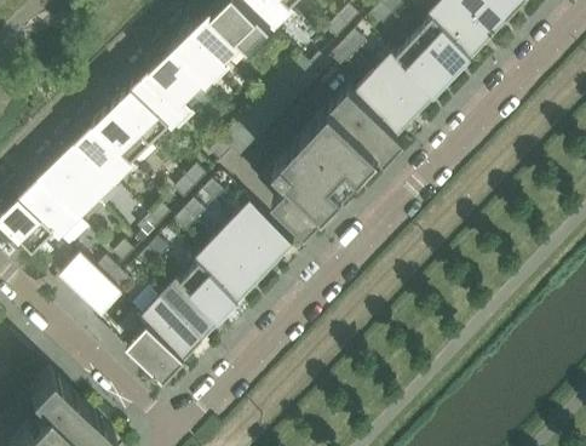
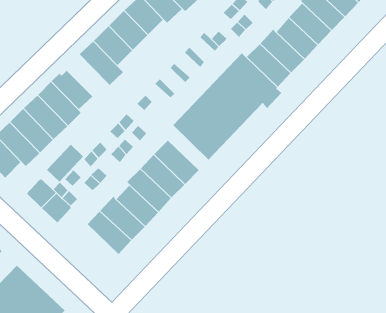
building: [111,87,168,144] -> none
building: none -> [46,144,84,182]
building: [127,316,184,378] -> none

